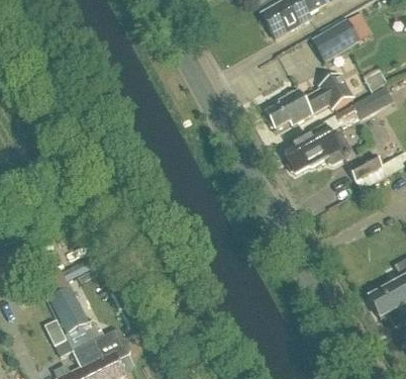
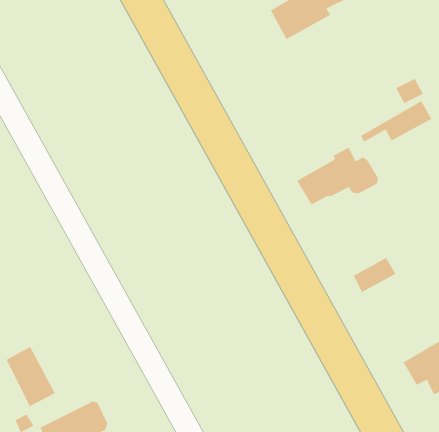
building: [310,18,360,62] -> none
building: [265,73,352,128] -> none
building: [346,153,382,182] -> [353,257,397,293]

